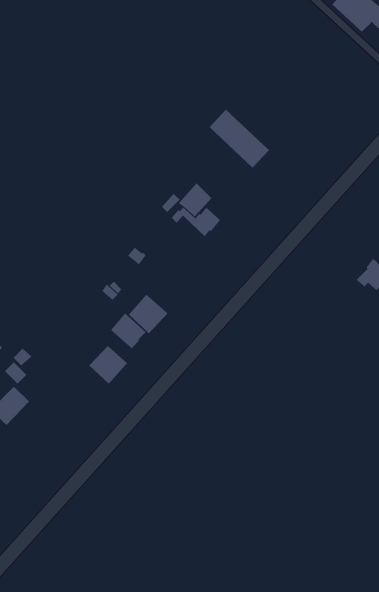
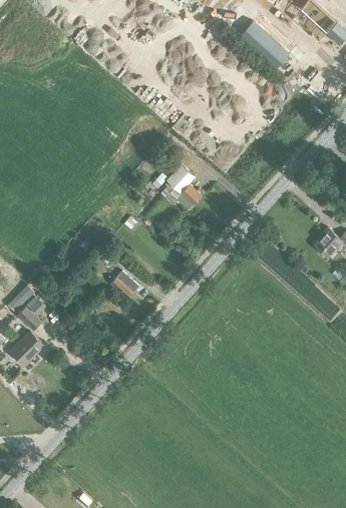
building: [209,109,270,169] -> [239,20,289,69]
building: [128,294,168,334] -> none
building: [88,345,128,385] -> none

